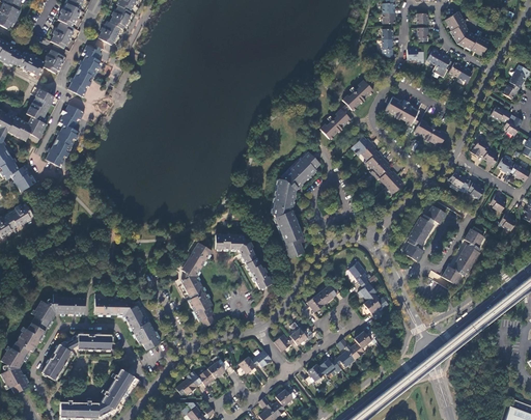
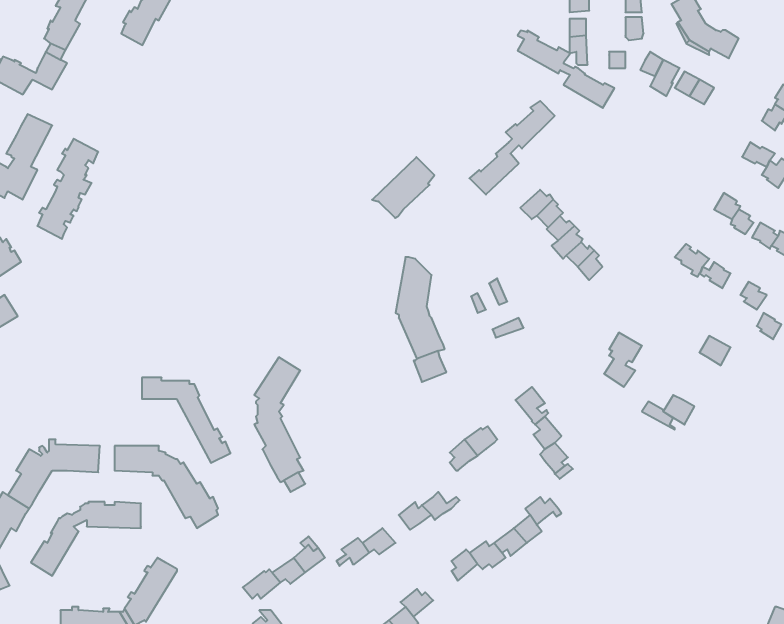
building: [67,44,104,96] -> none
building: [385,96,446,145] -> [518,31,614,108]
building: [280,151,319,190] -> [372,157,434,218]
building: [413,203,446,234] -> none
building: [216,234,272,288] -> [142,378,231,463]
building: [453,242,479,275] -> none

